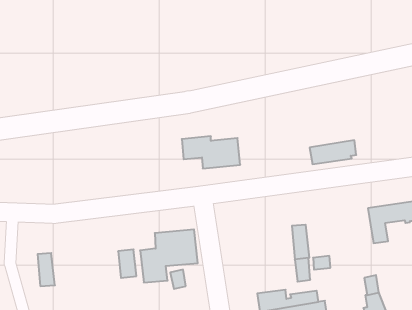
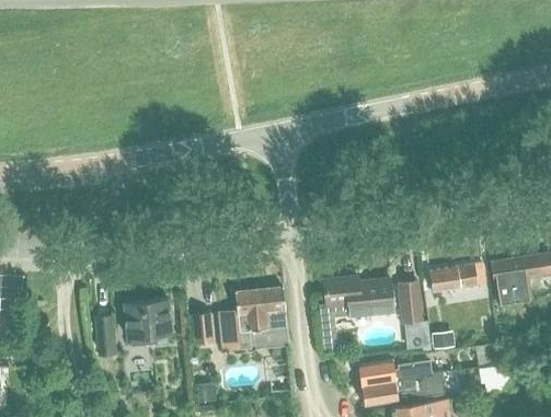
building: [182,136,240,168] -> [323,278,393,316]
building: [310,140,356,164] -> [428,264,484,292]
building: none -> [124,299,171,339]

